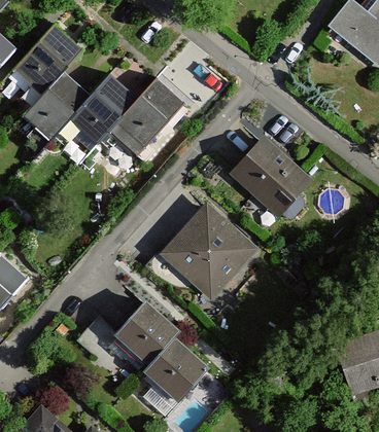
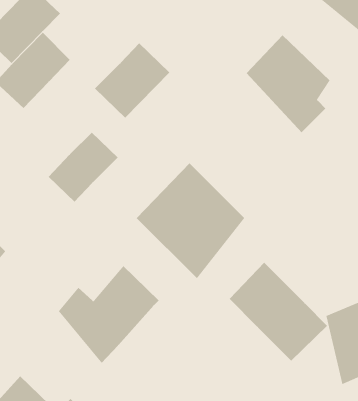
building: [71,76,139,144] -> [48,132,119,202]
building: [230,133,311,227] -> [246,35,331,133]
building: none -> [229,262,328,361]
building: [138,334,207,407] -> none

